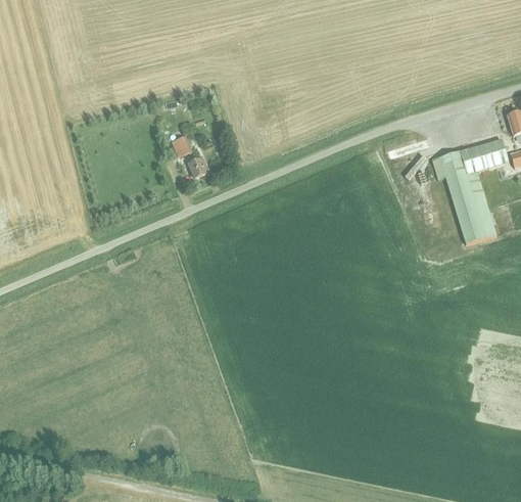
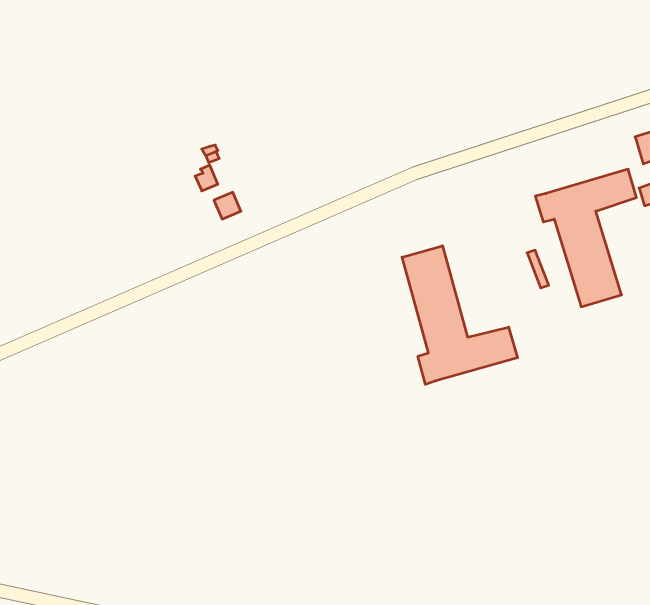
building: none -> [402,246,518,384]

